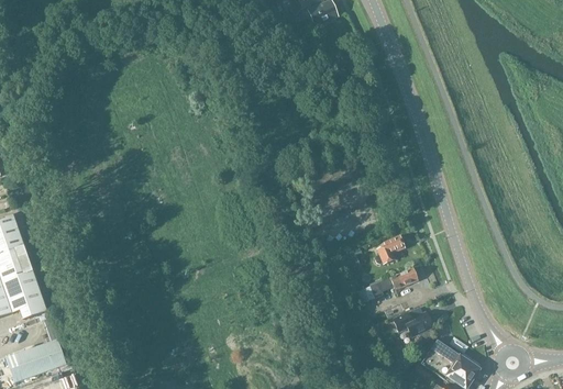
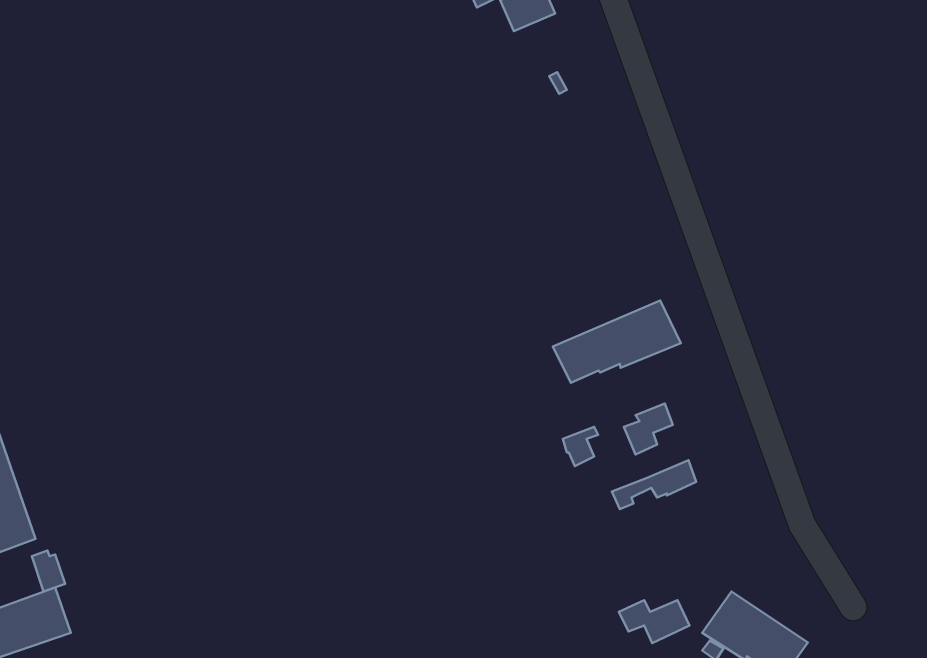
building: none -> [553,301,681,383]
building: [393,312,432,336] -> [619,600,689,643]

